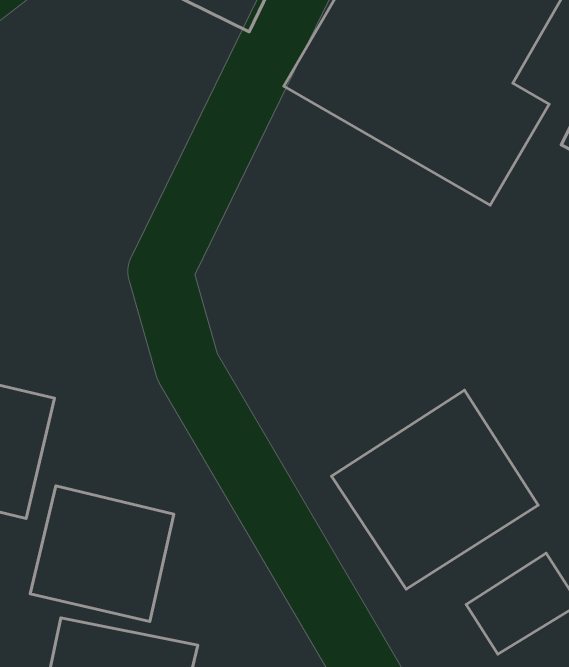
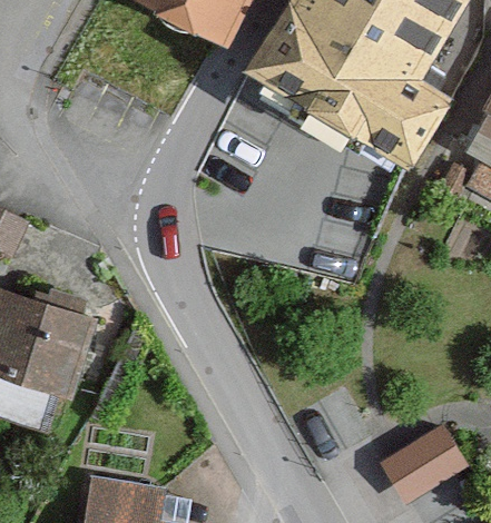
building: [332,390,538,589] -> none
building: [30,486,174,622] -> none

